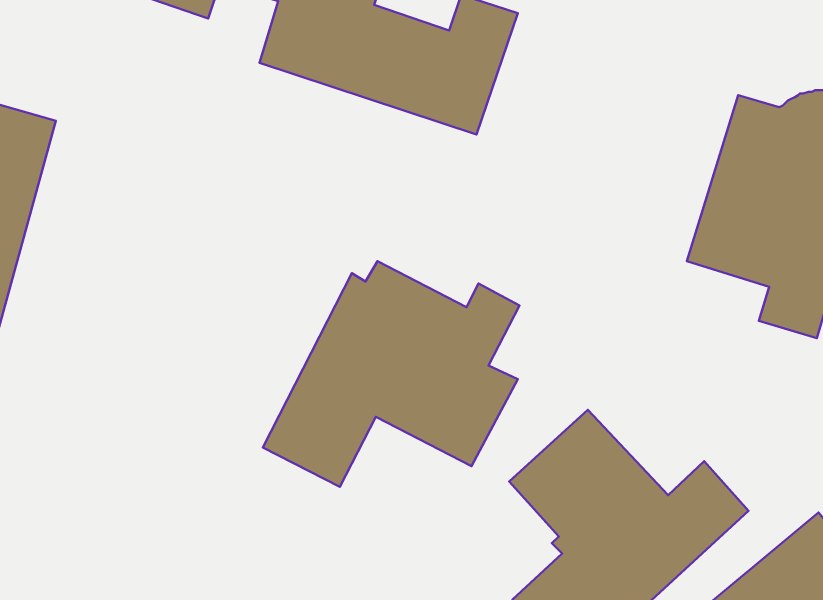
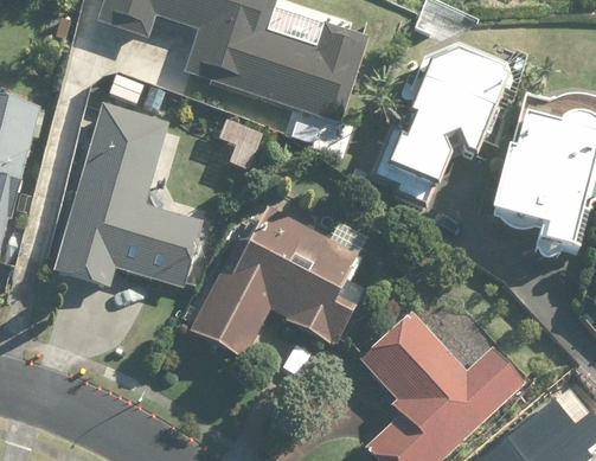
building: none -> [384,57,504,193]
building: none -> [52,103,203,288]

